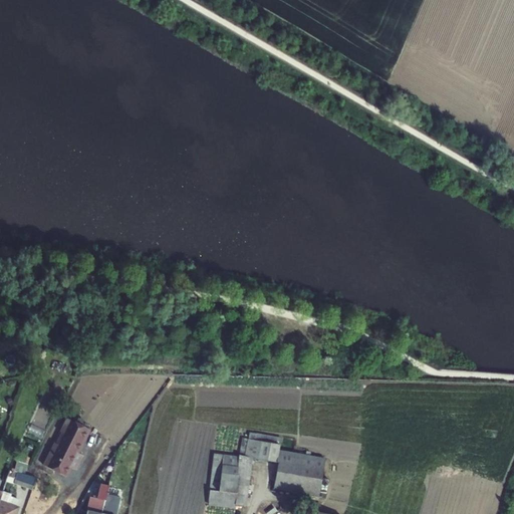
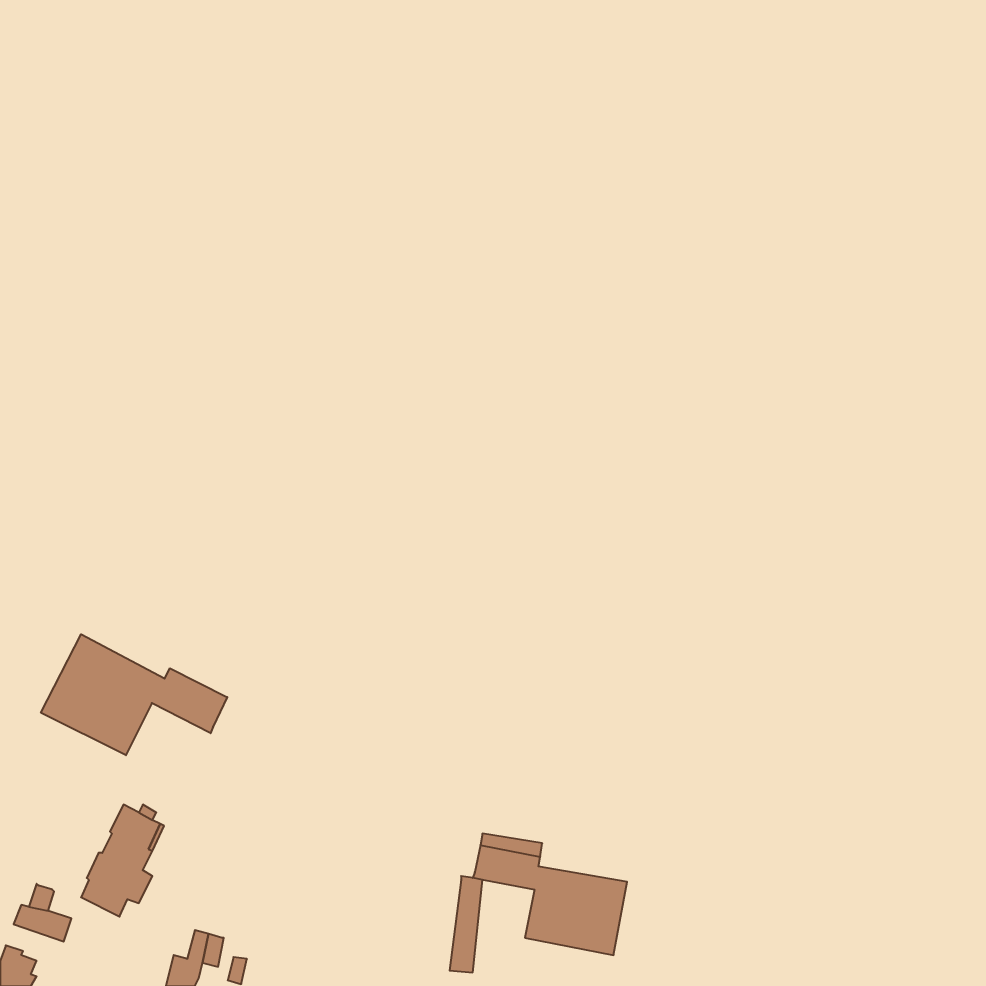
building: none -> [41,634,227,755]
building: [209,455,240,505] -> none

